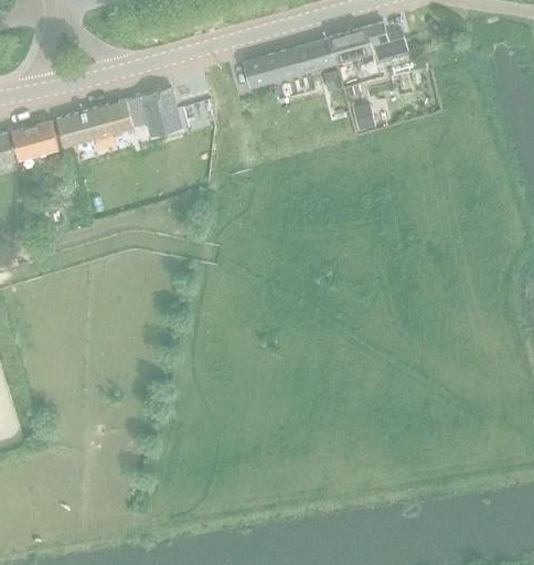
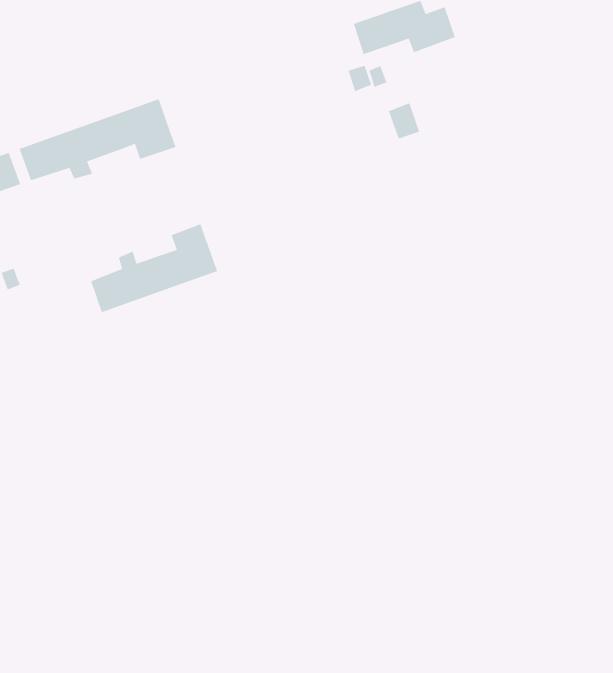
building: [244,38,333,86] -> none
building: none -> [90,223,218,313]

